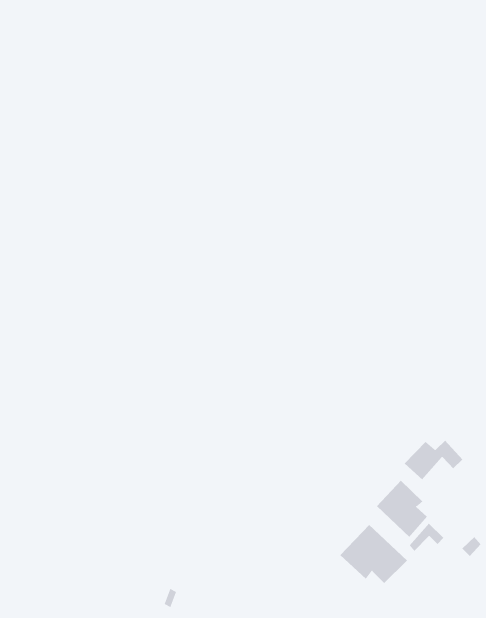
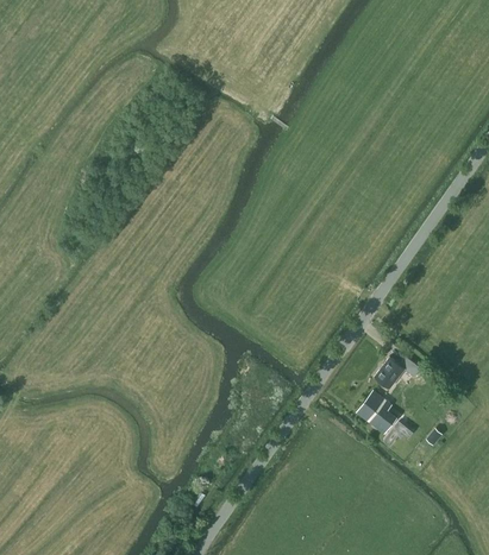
building: [340,524,408,584] -> none

